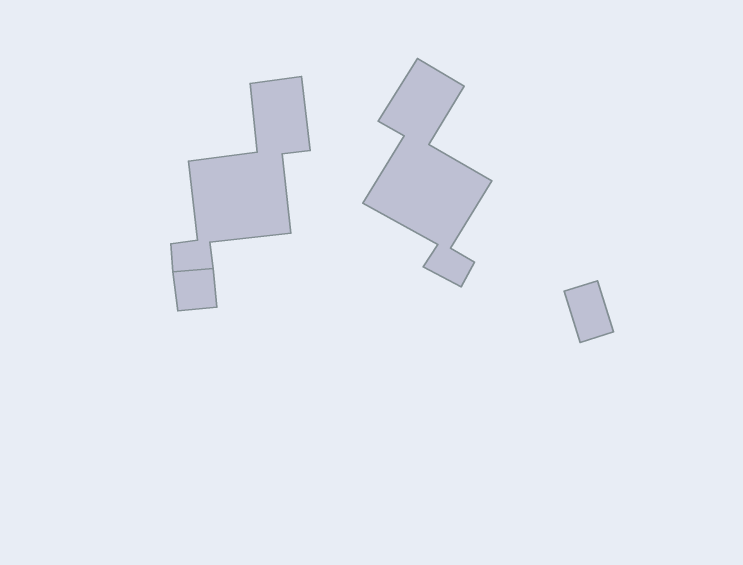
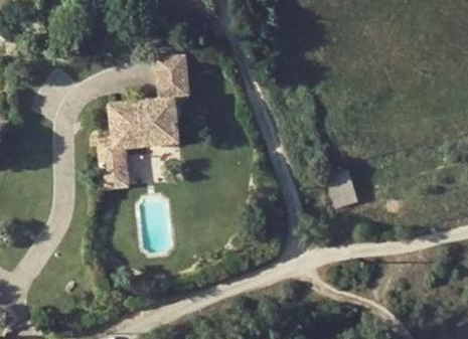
building: [363,59,492,287] -> none

